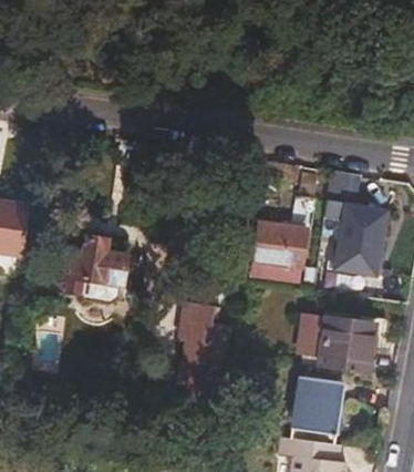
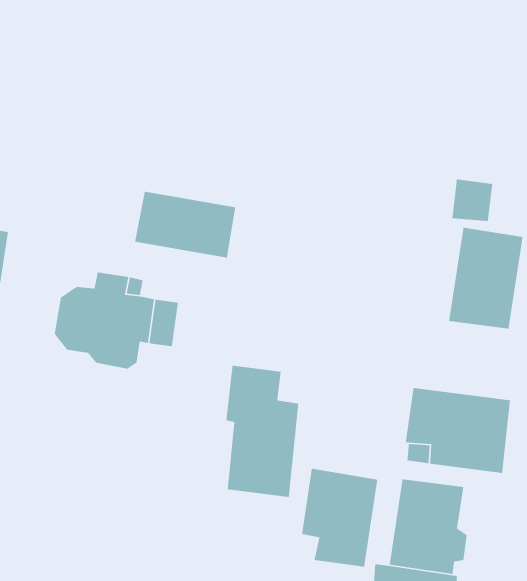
building: none -> [134,191,236,259]
building: [250,194,311,266] -> none
building: none -> [301,468,378,568]

